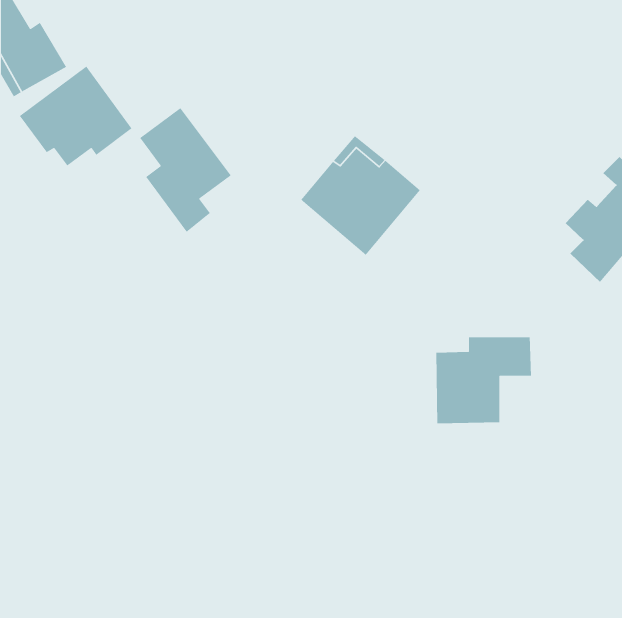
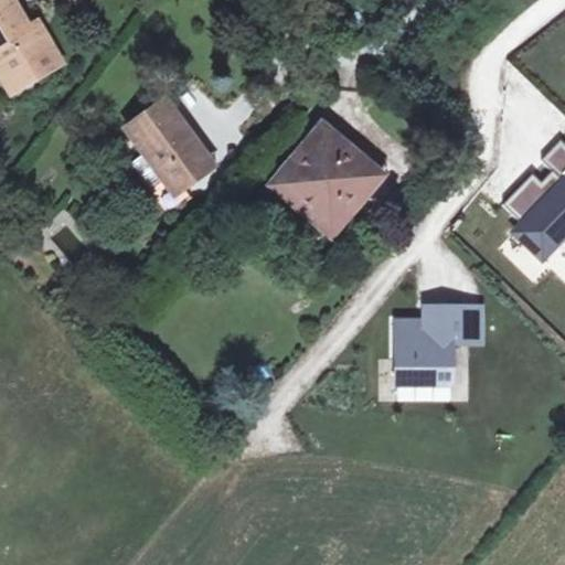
building: [19,65,133,166] -> none

